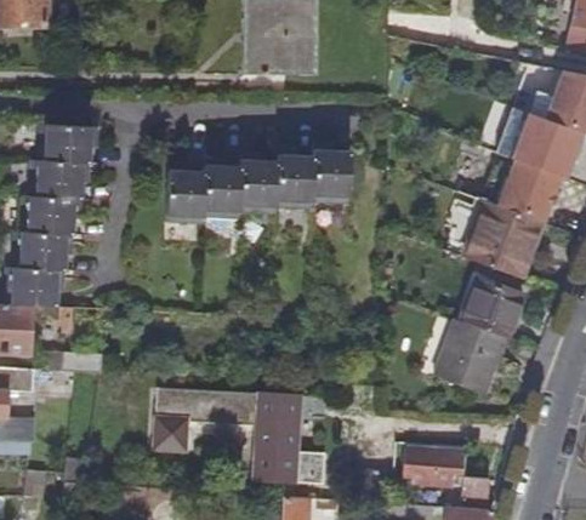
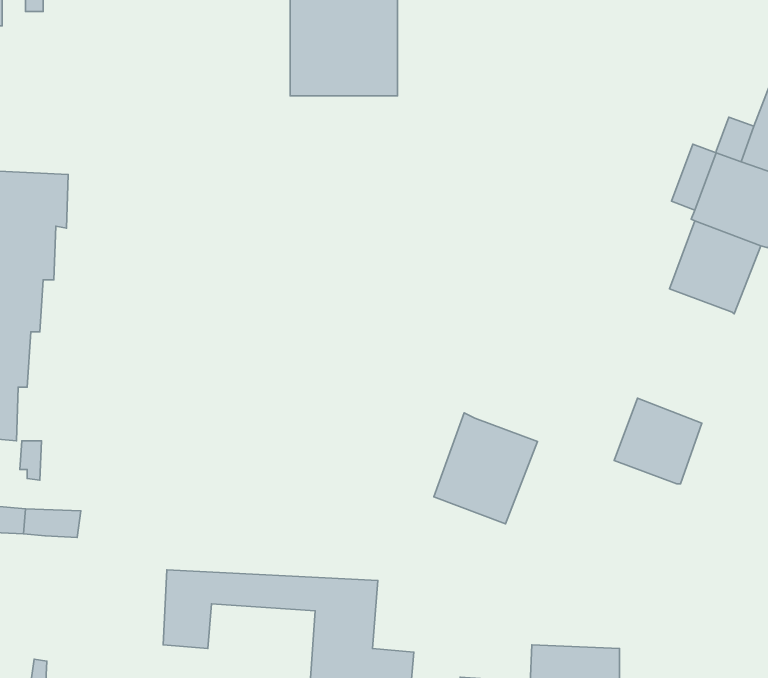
building: [167,150,352,223] -> none
building: [463,199,542,275] -> none
building: [434,316,505,392] -> [434,413,538,524]

